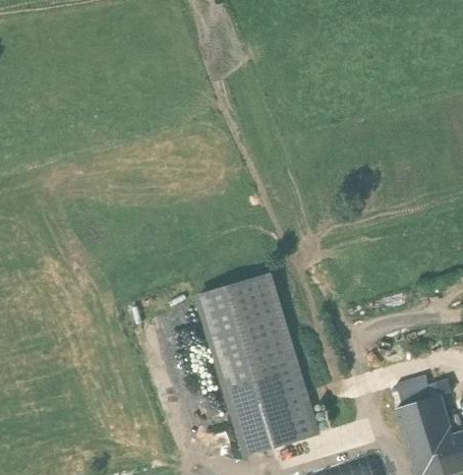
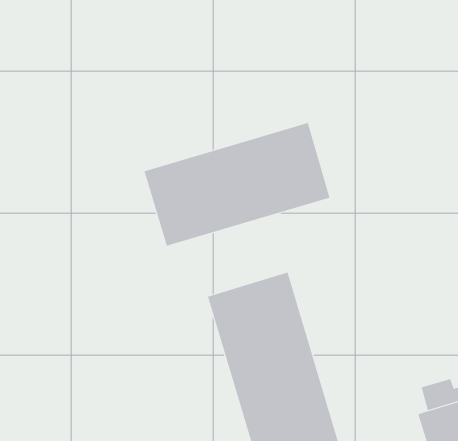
building: none -> [144,122,330,247]

